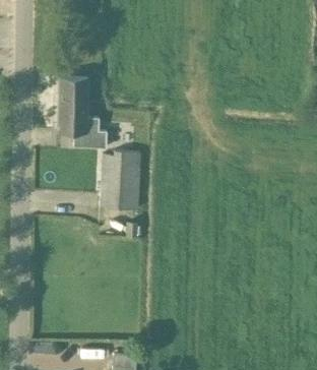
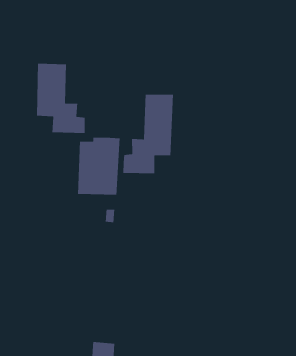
building: none -> [122,94,174,174]

